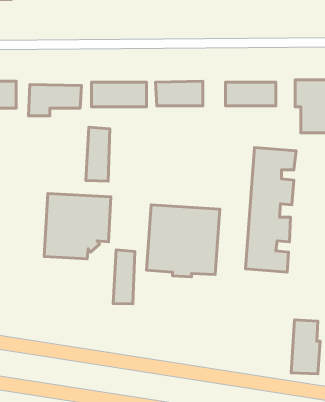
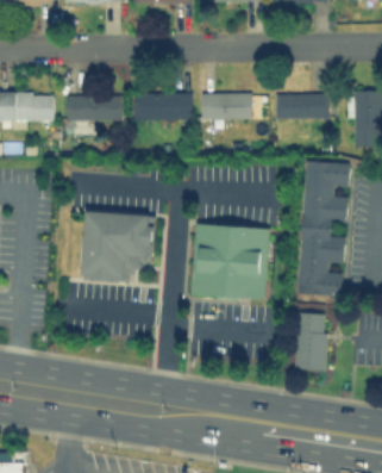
building: [86,127,110,181] -> none
building: [113,250,135,304] -> none
building: [291,320,320,374] -> [295,313,326,371]

